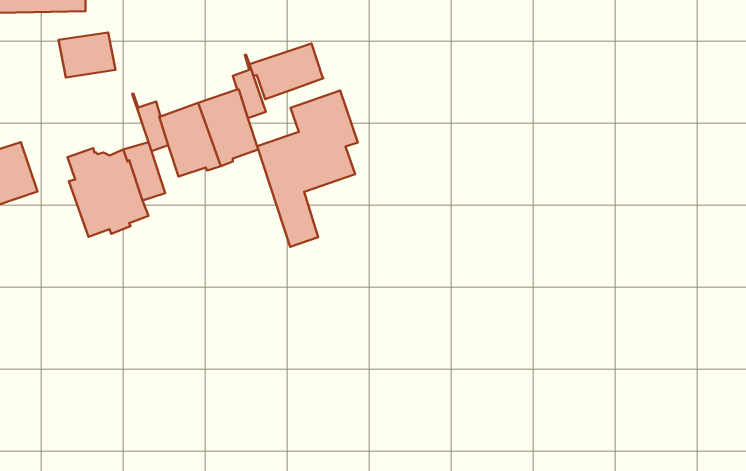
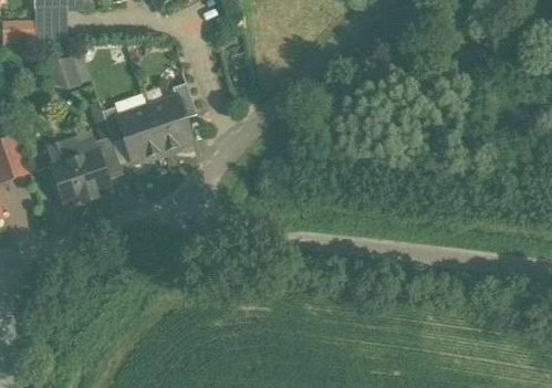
building: [249,43,323,99] -> none
building: [257,91,358,247] -> none

